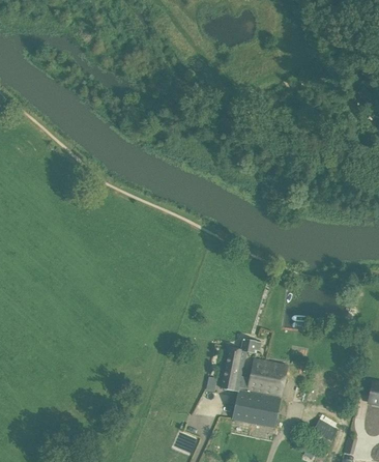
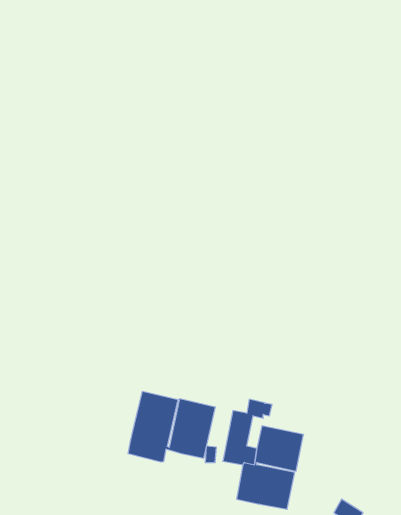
building: none -> [128,391,215,462]

